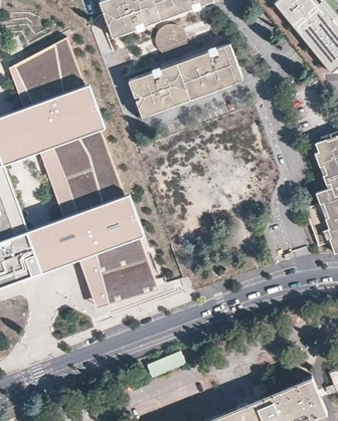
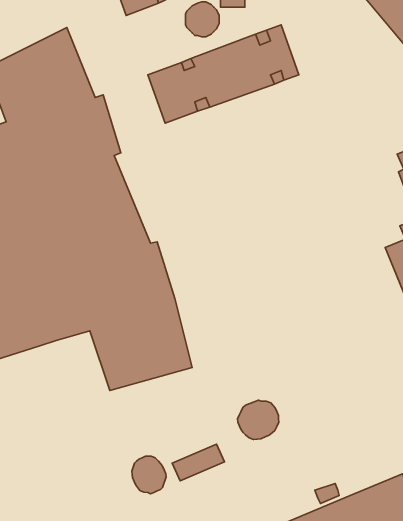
building: none -> [238,400,279,439]
building: none -> [132,456,166,494]

